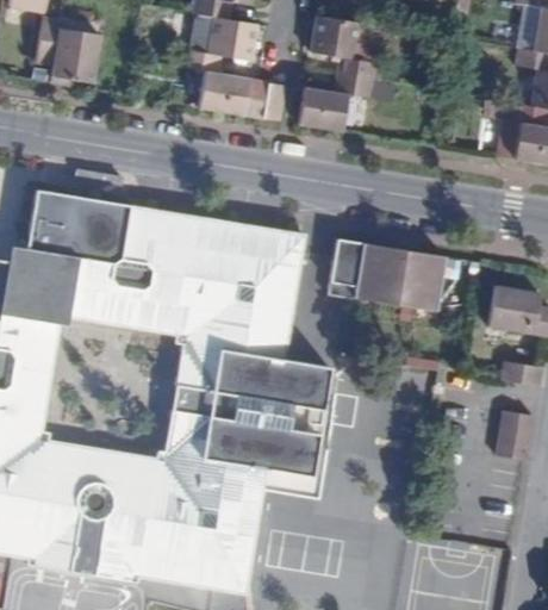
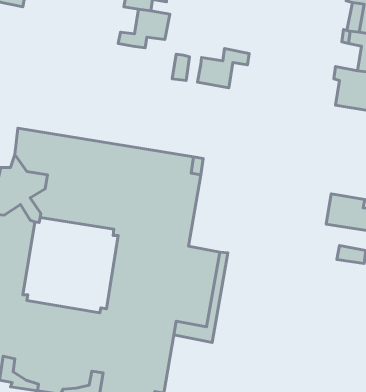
building: [309,15,375,81] -> none
building: [36,17,100,83] -> none
building: [197,70,248,114] -> none
building: [330,238,444,311] -> none
building: [496,411,534,461] -> none

